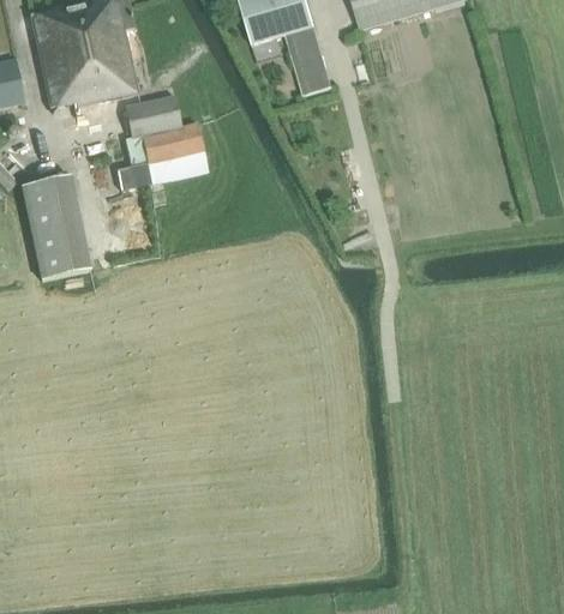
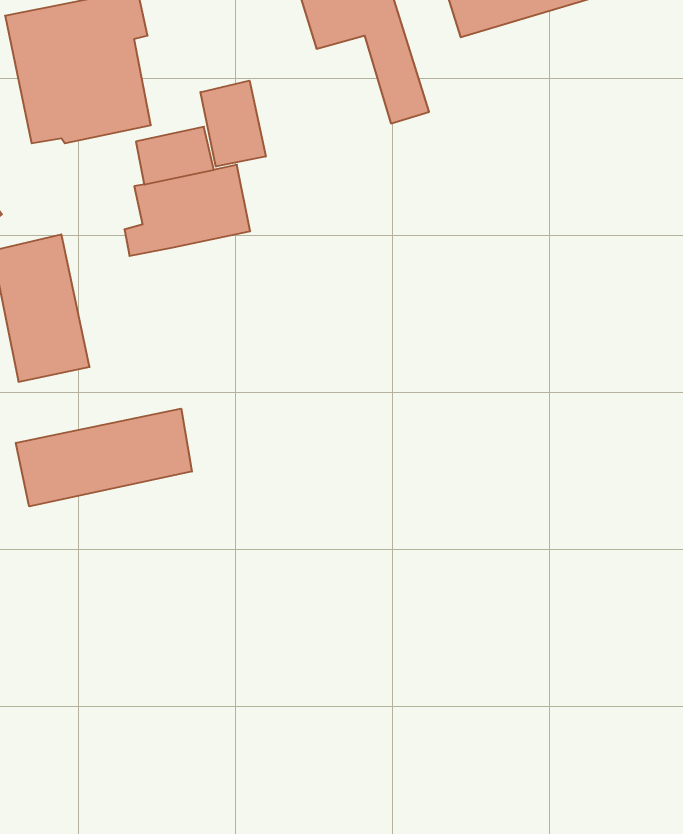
building: none -> [200,81,266,167]
building: none -> [16,409,192,506]

